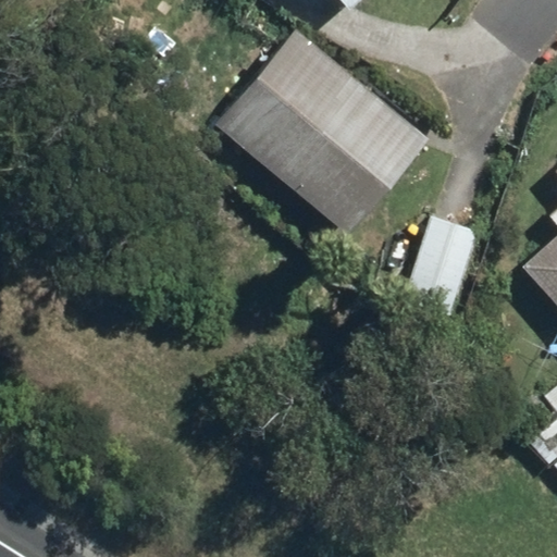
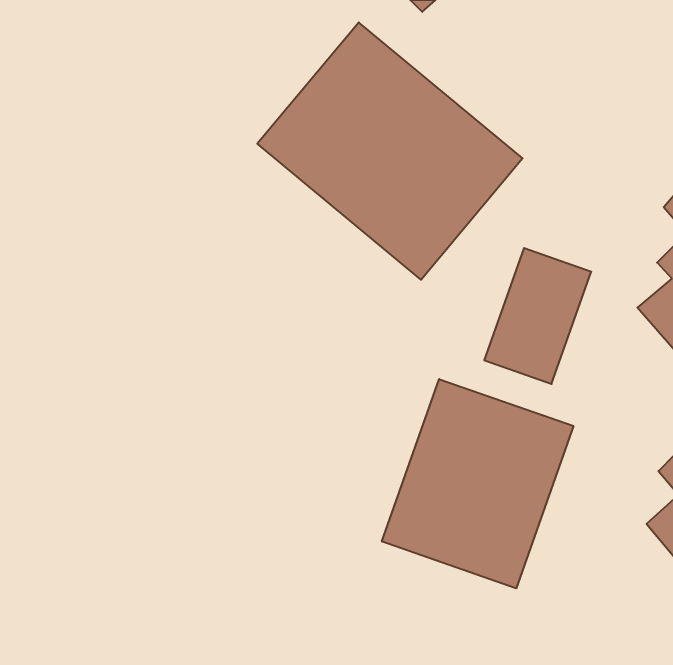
building: none -> [382,379,573,588]

